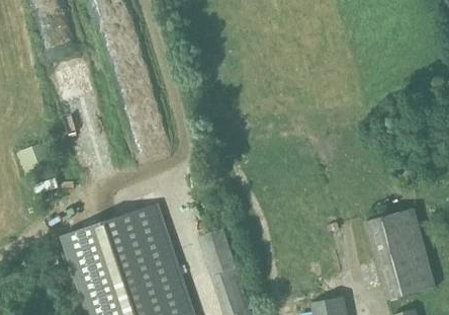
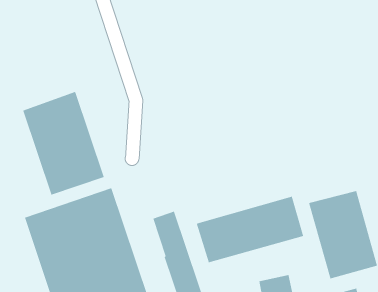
building: none -> [22,91,105,196]
building: none -> [196,196,304,263]

